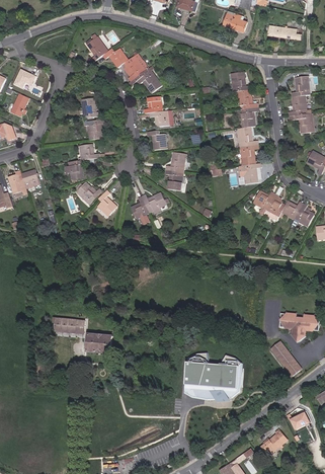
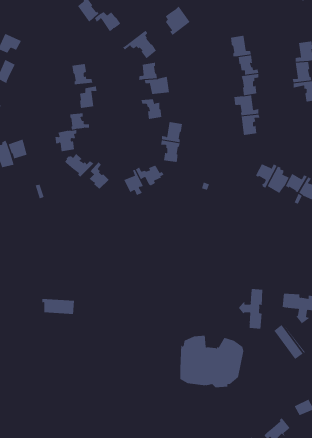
building: [124,53,148,81] -> [165,6,191,36]
building: [239,163,261,184] -> none
building: none -> [238,288,263,329]
building: [86,334,111,353] -> none

